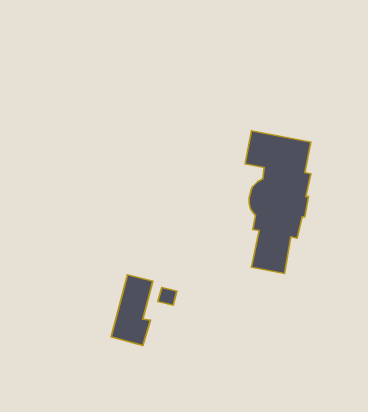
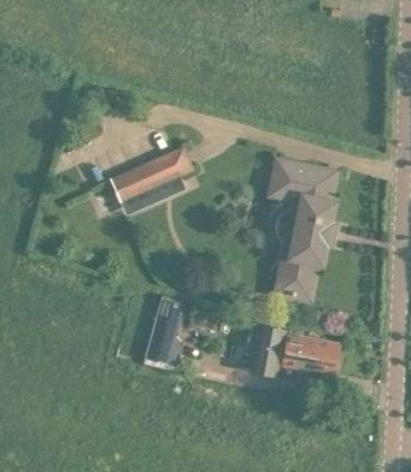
building: none -> [112,148,192,201]
building: none -> [253,328,339,382]

